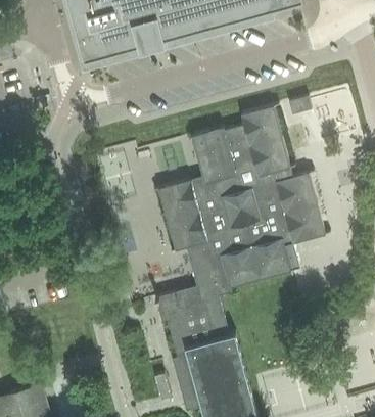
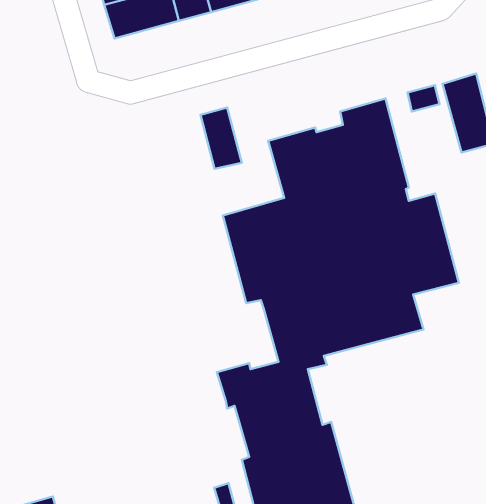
building: none -> [200,108,242,169]

